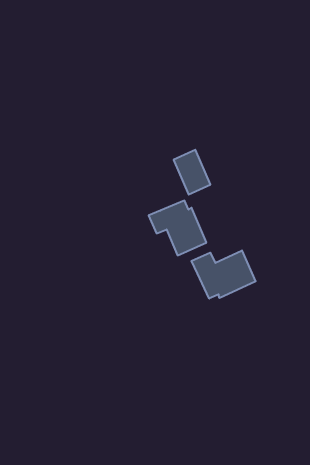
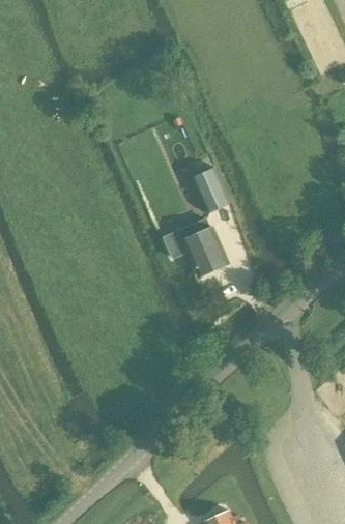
building: [191,250,256,299] -> none

